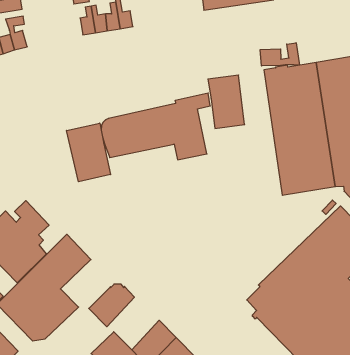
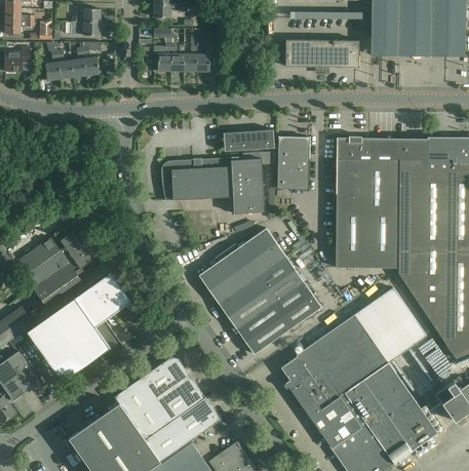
building: [260,43,300,66] -> none
building: none -> [223,129,274,151]
building: [67,123,111,182] -> none
building: none -> [199,228,321,354]
building: [89,284,134,327] -> [141,357,189,399]

